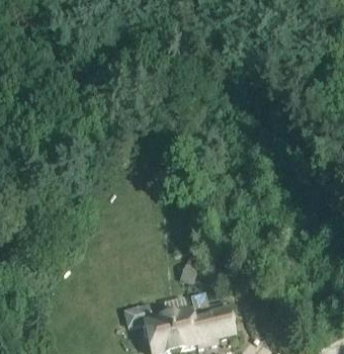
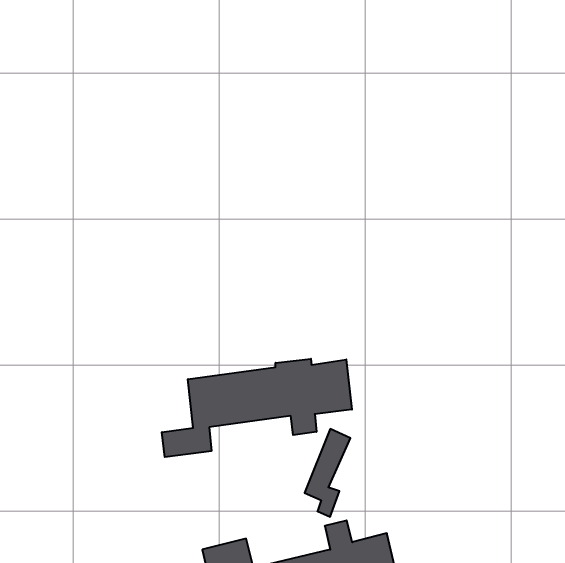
building: none -> [162,359,352,457]

